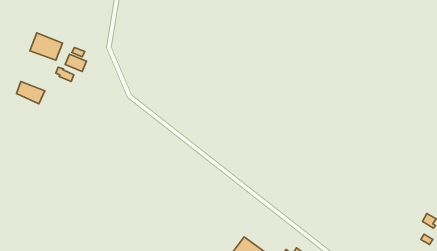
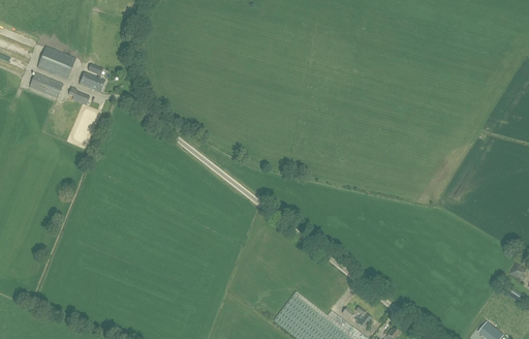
building: [17,81,45,104] -> [29,72,63,99]

